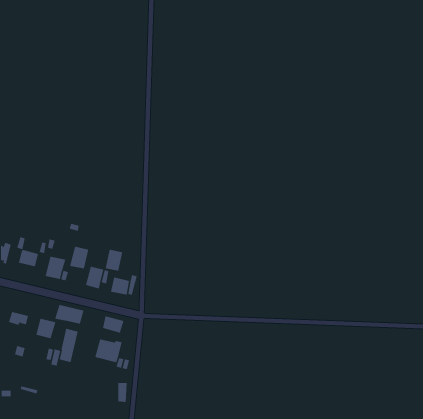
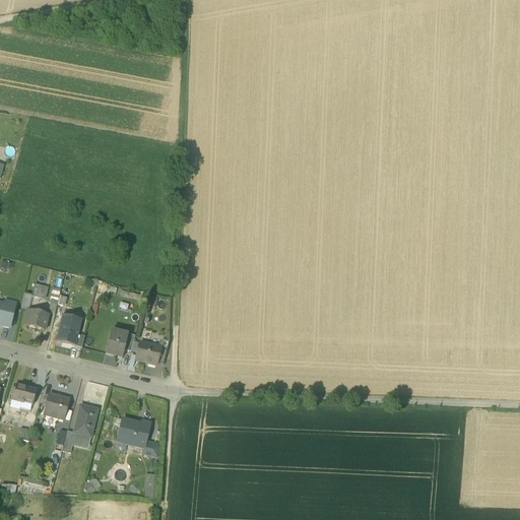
building: [70,246,89,269] -> none
building: [105,249,123,271] -> none
building: [54,304,84,324] -> none
building: [102,316,124,334] -> none

